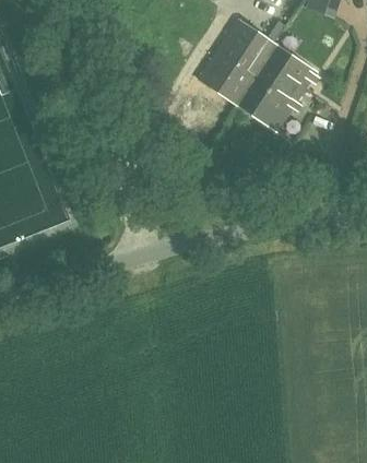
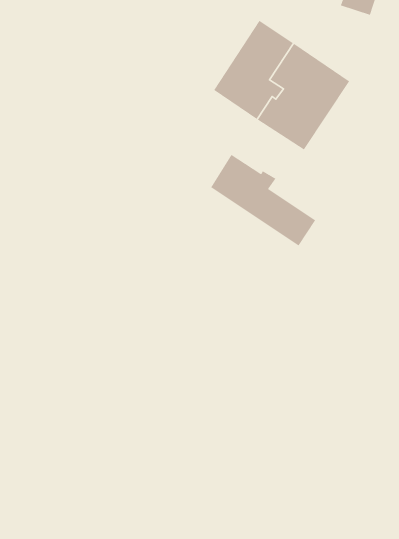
building: none -> [210,154,316,247]

